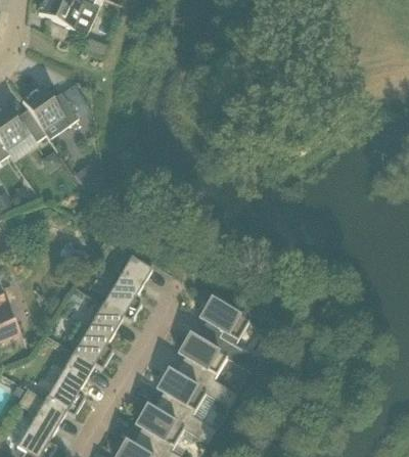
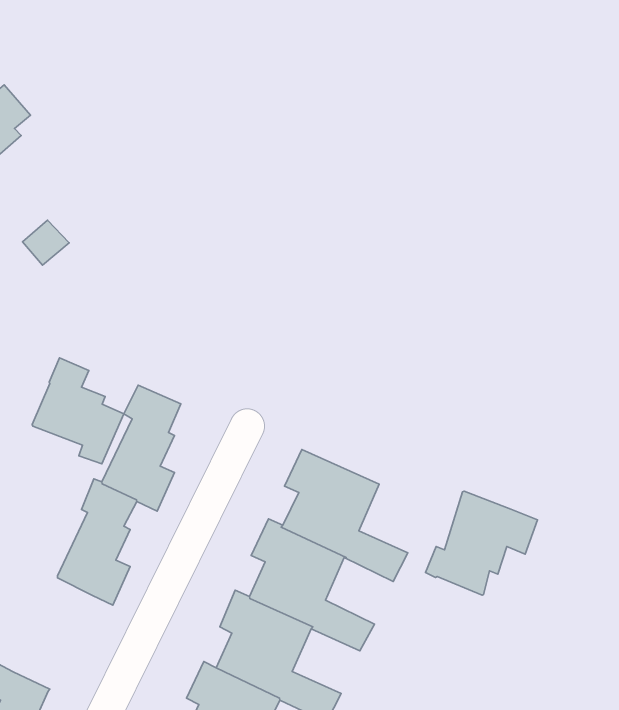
building: none -> [32,358,124,464]
building: none -> [426,491,537,595]
building: [45,348,91,416] -> none

